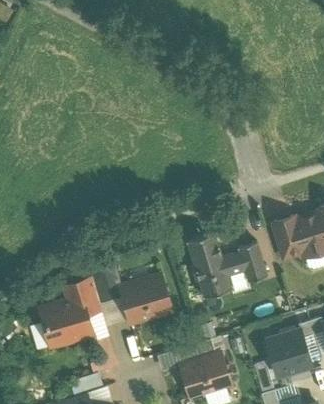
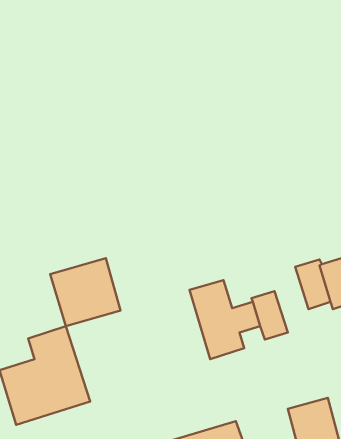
building: [114,273,172,329] -> [50,258,121,326]

